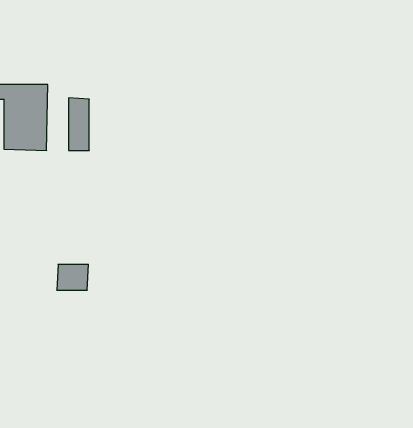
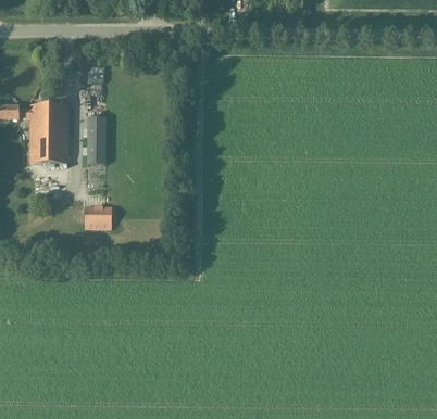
building: [57,264,88,290] -> [83,204,111,227]

